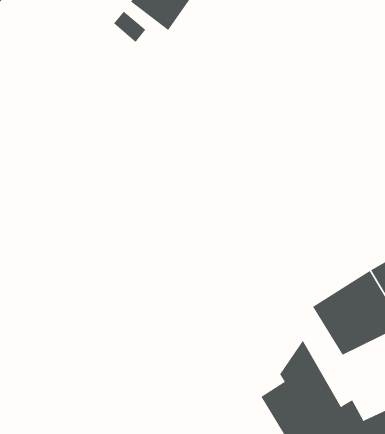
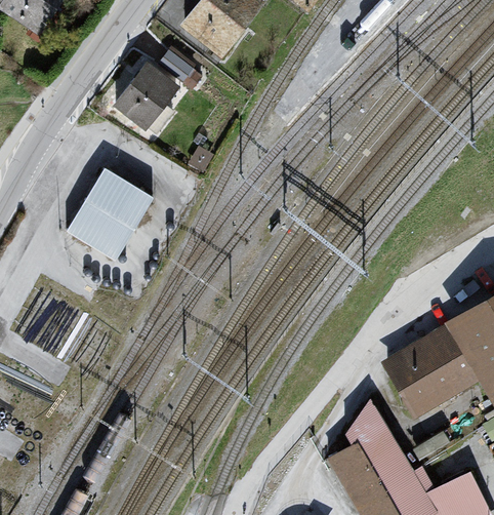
building: none -> [104,58,189,136]
building: none -> [67,168,157,261]

